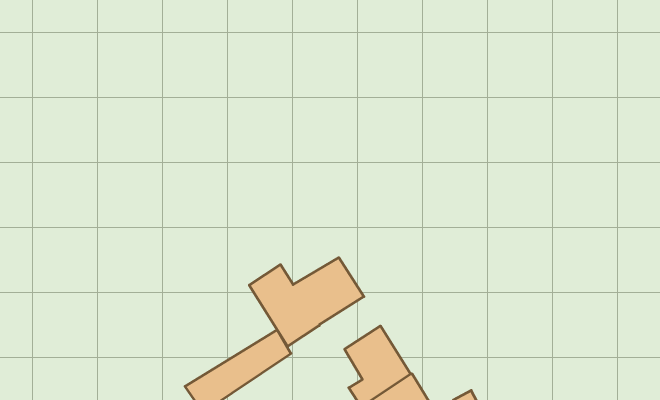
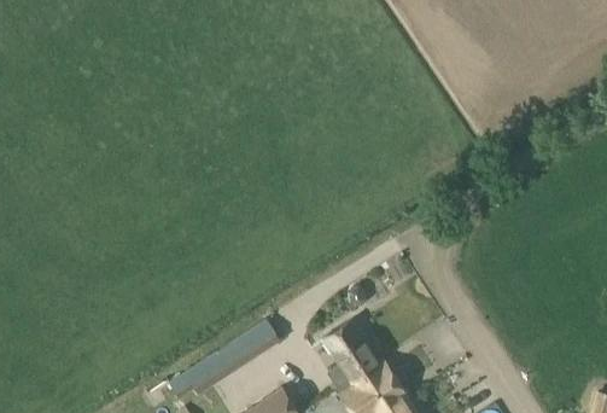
building: [249,258,364,346] -> none

